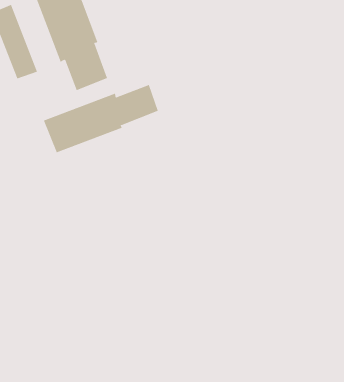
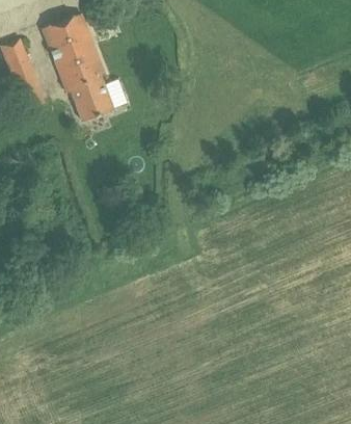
building: [43,84,159,153] -> none

